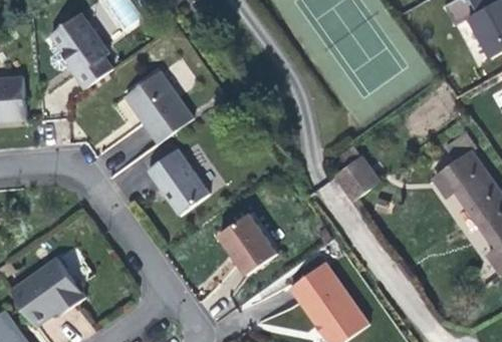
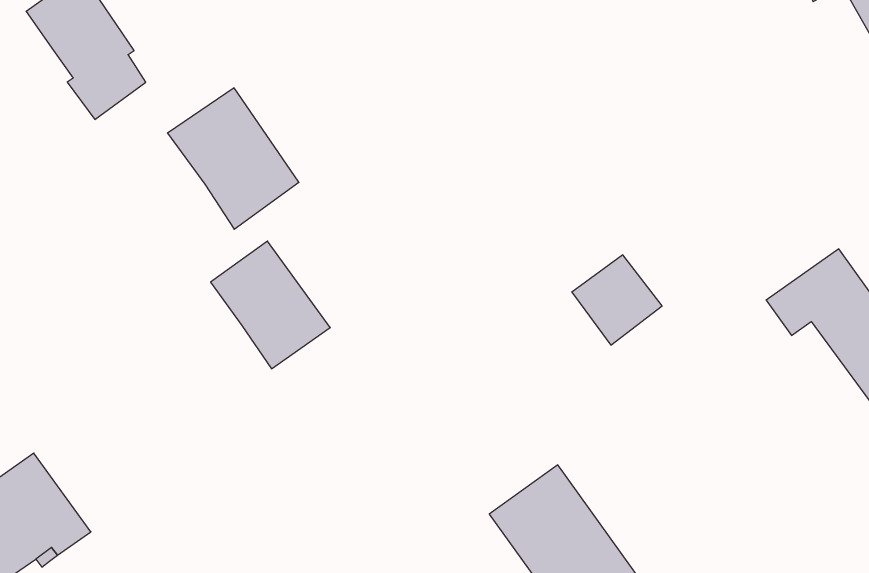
building: [217,213,275,274] -> none

